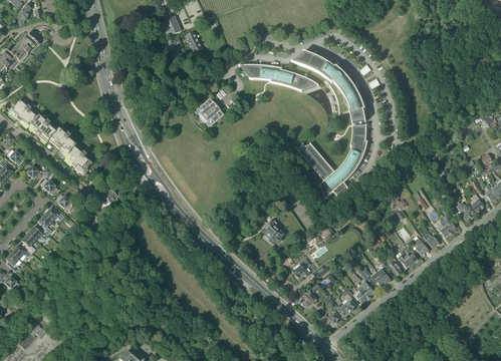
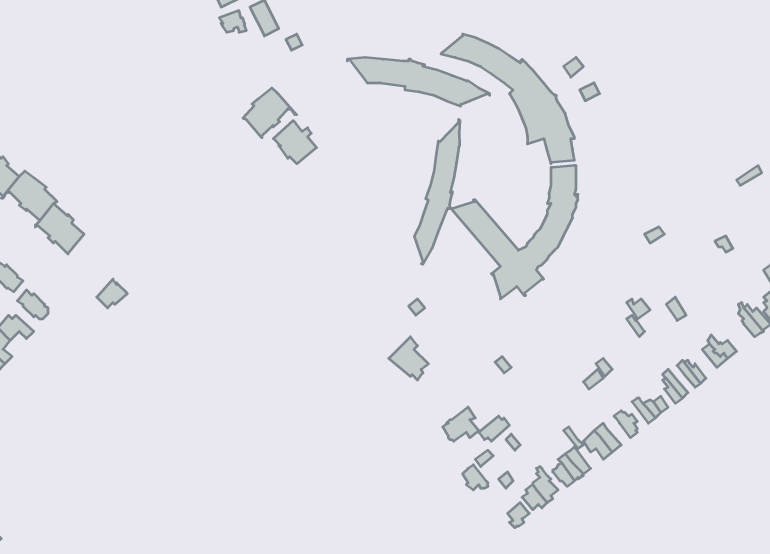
building: none -> [243,88,297,138]
building: none -> [415,119,460,264]

